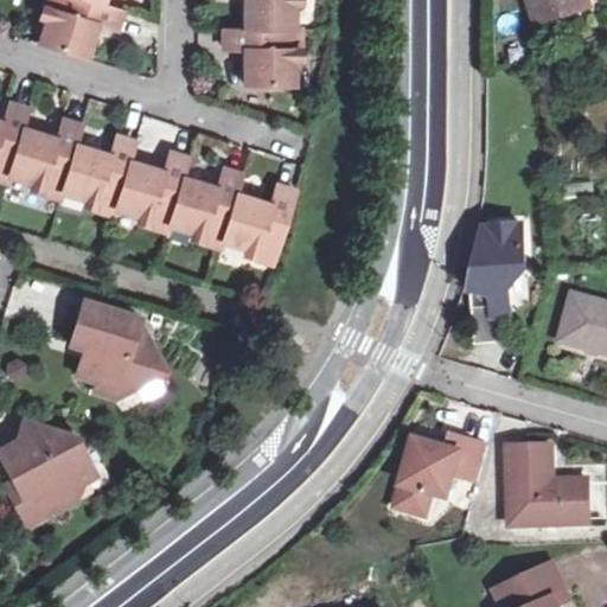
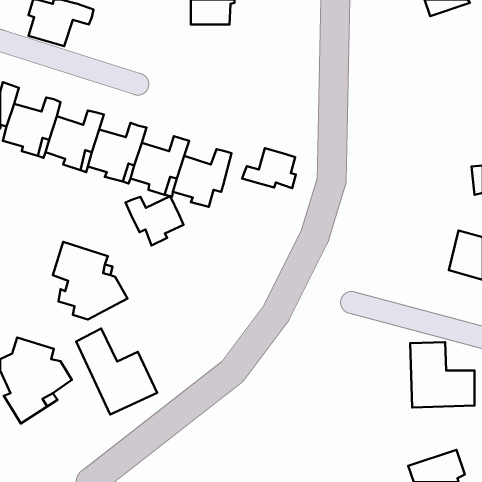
building: [221,31,295,87] -> none
building: none -> [242,148,296,188]
building: [473,223,531,344] -> none
building: none -> [125,196,183,246]
building: none -> [76,328,157,415]
building: [400,430,492,510] -> none

